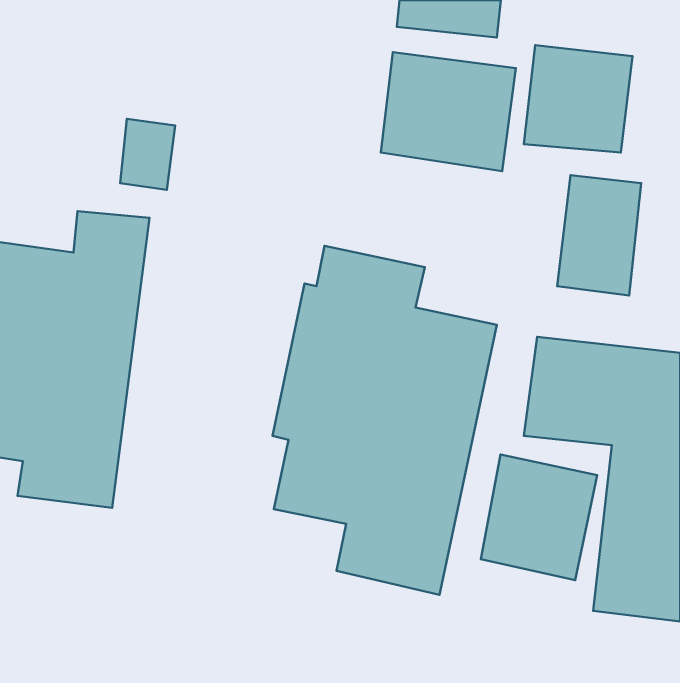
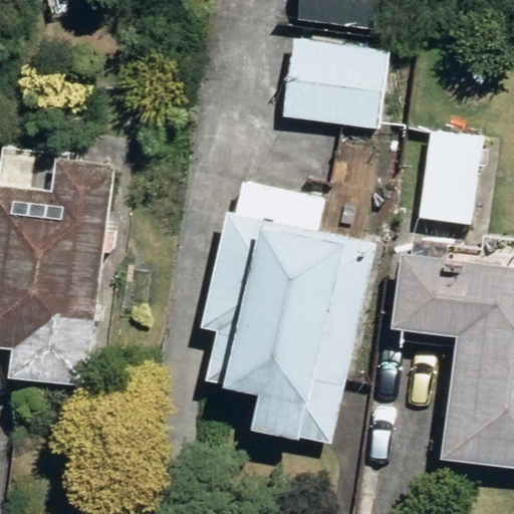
building: [524,45,633,153] -> none
building: [481,454,597,580] -> none

